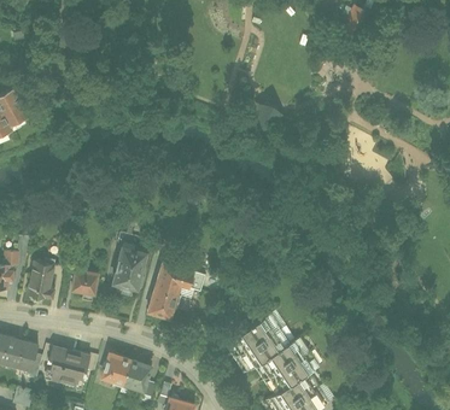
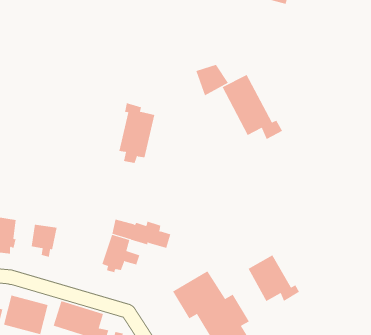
building: none -> [222,74,283,140]
building: [111,229,151,295] -> [119,103,155,163]
building: none -> [248,254,300,302]

